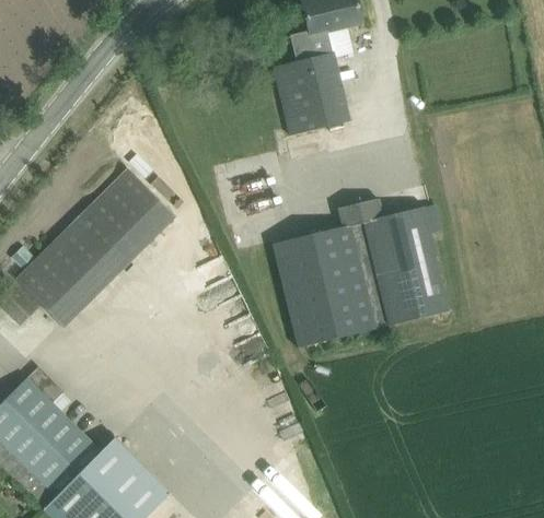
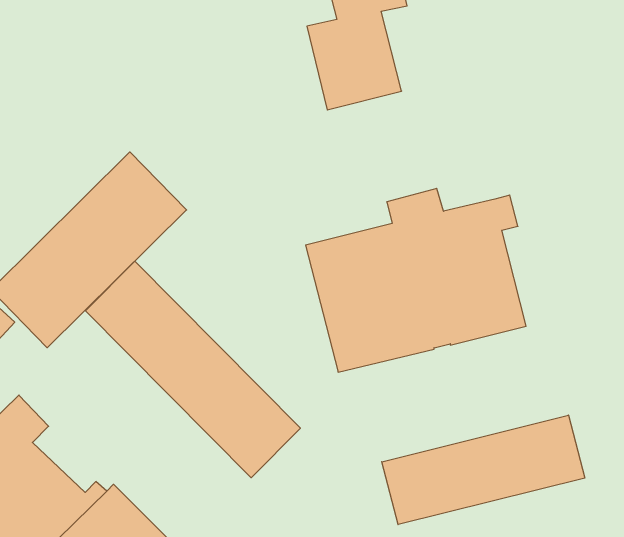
building: none -> [86,261,300,478]
building: none -> [382,415,585,525]

